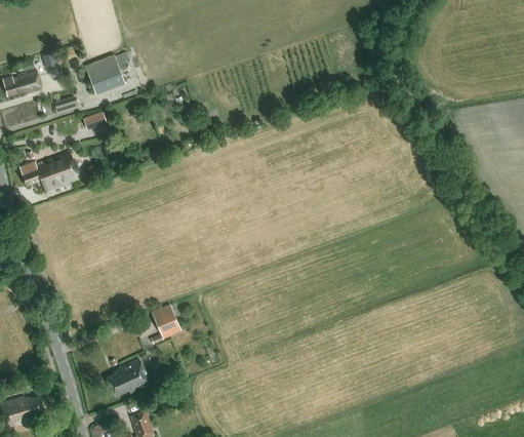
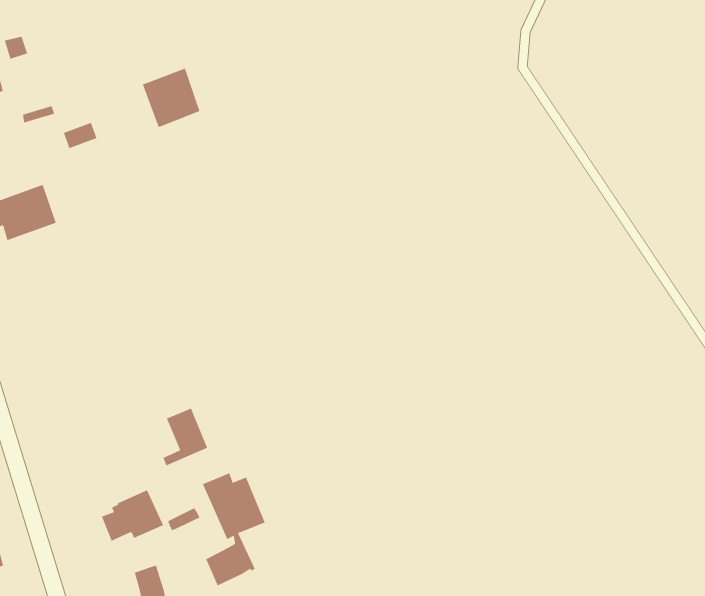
building: [84,53,124,94] -> [142,68,201,128]
building: none -> [202,472,266,586]

